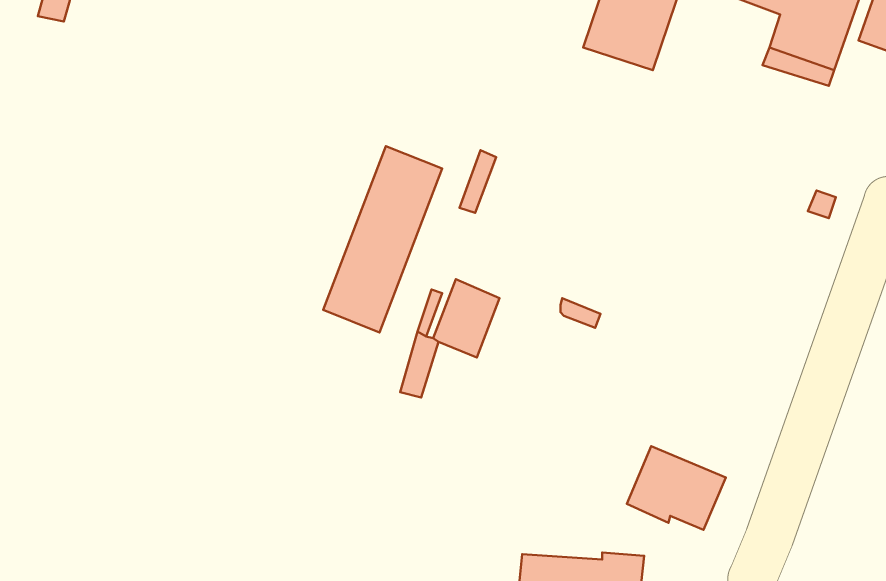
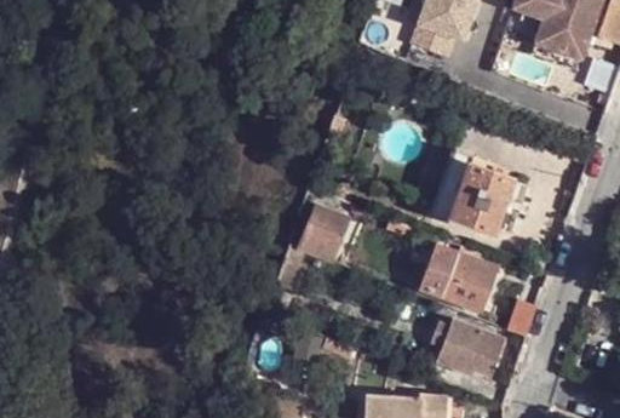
building: [323,146,442,332] -> none
building: none -> [435,150,516,233]
building: none -> [431,248,498,313]

